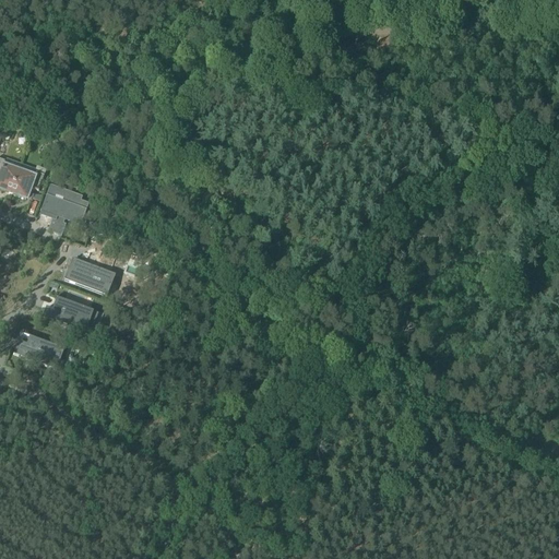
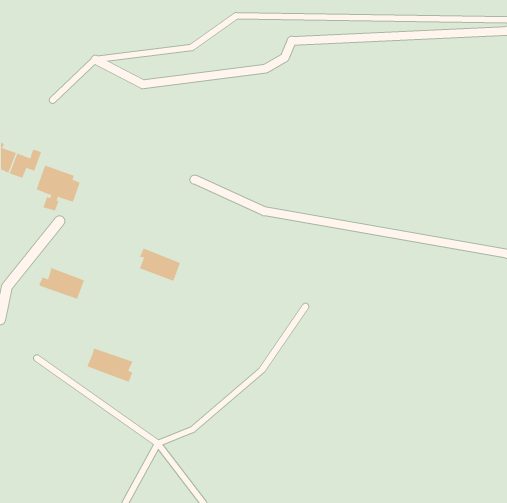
building: [69,257,115,294] -> [139,248,181,282]
building: [13,331,64,369] -> [86,348,133,382]

